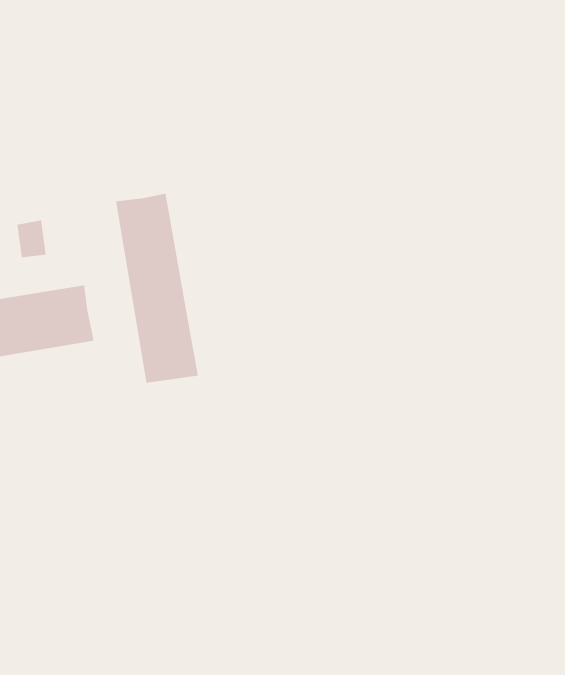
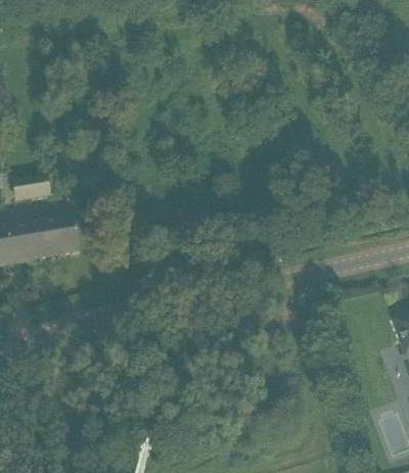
building: [116,193,198,383] -> none

